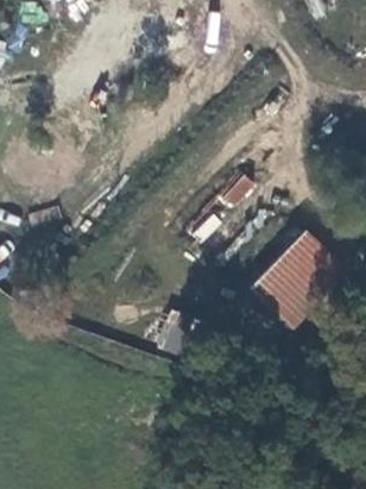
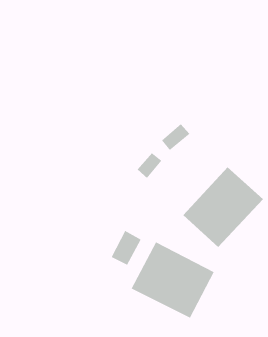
building: none -> [131,242,215,319]

